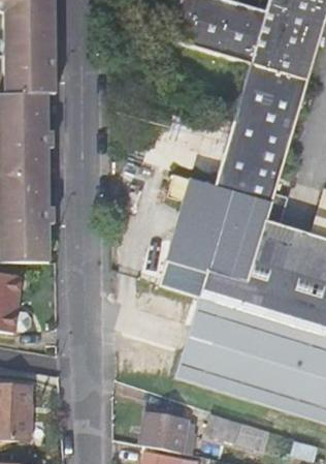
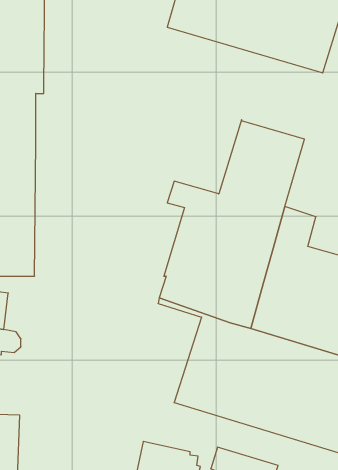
building: [165,34,306,135] -> none

